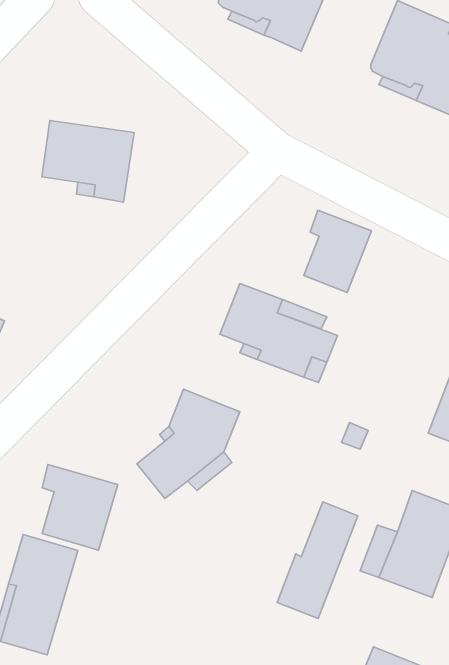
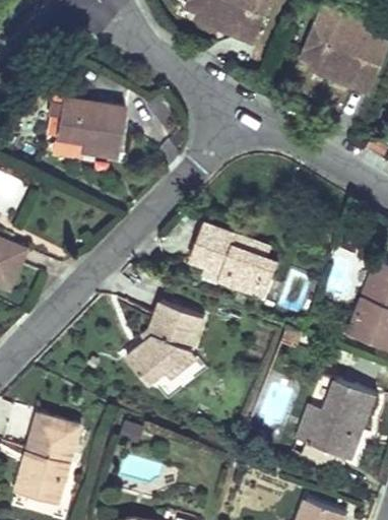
building: [304,210,372,293] -> none
building: [42,464,118,550] -> none
building: [277,502,358,618] -> none

